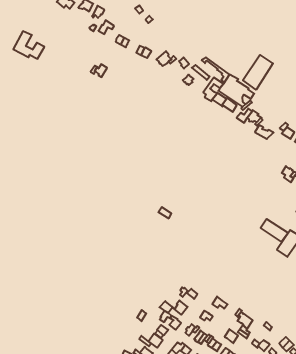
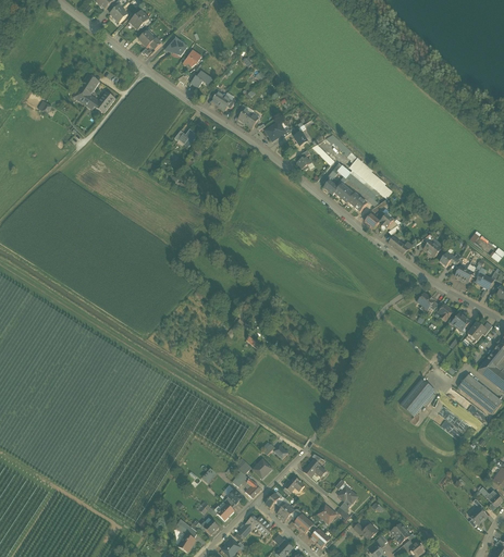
building: [243,55,273,90] -> none
building: [261,219,288,242] -> none

